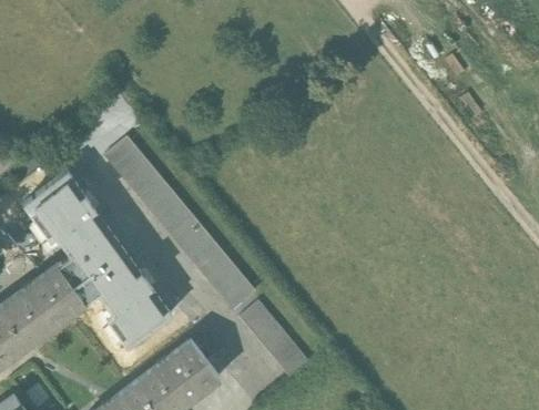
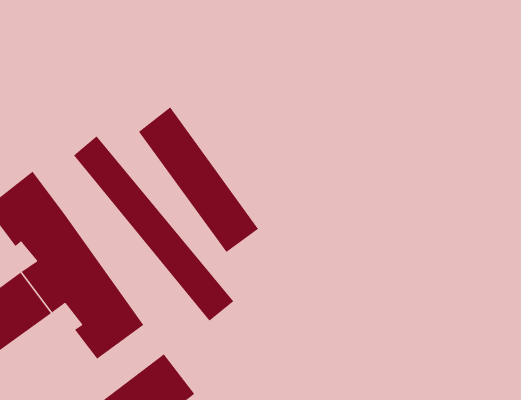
building: none -> [138,106,259,253]
building: [238,300,308,378] -> none

